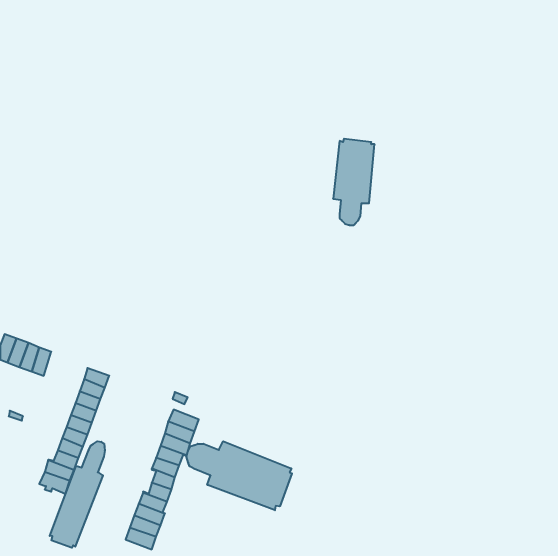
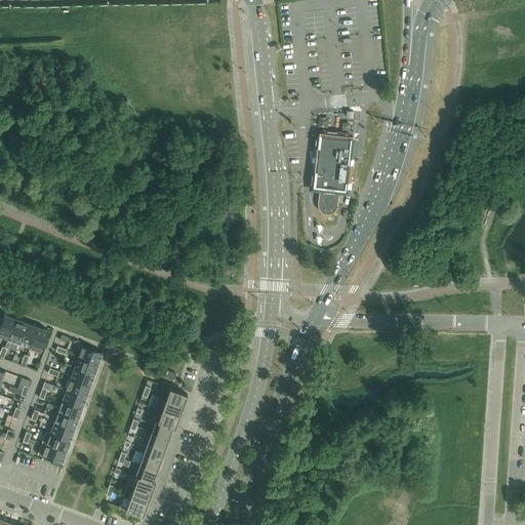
building: [187,441,292,510] -> none
building: [50,441,105,548] -> none

